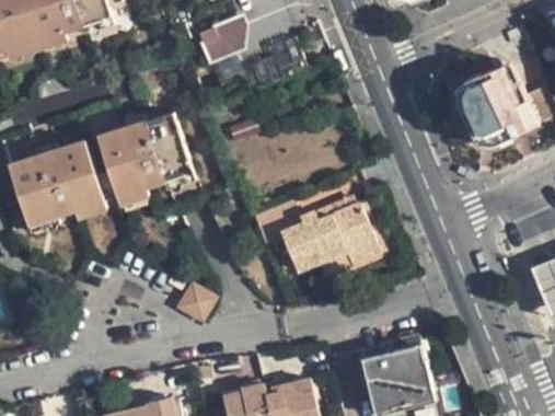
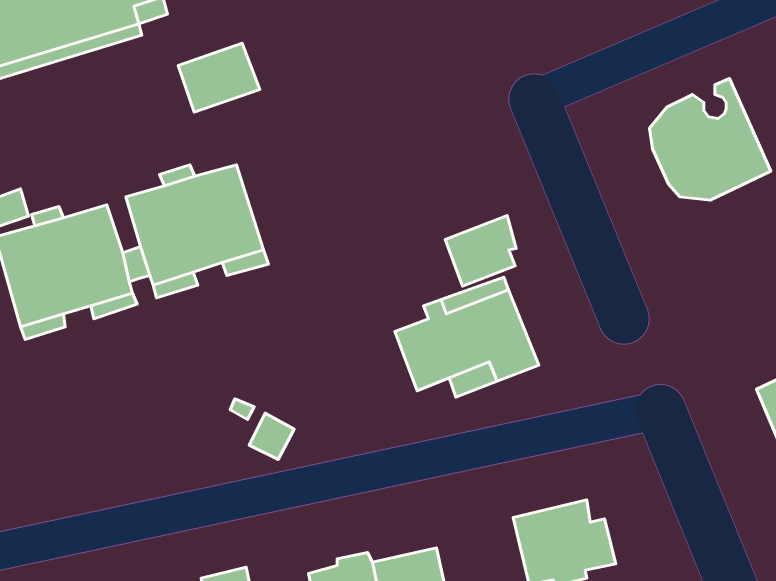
building: [197,14,253,61] -> [178,43,260,112]
building: none -> [445,215,516,286]

